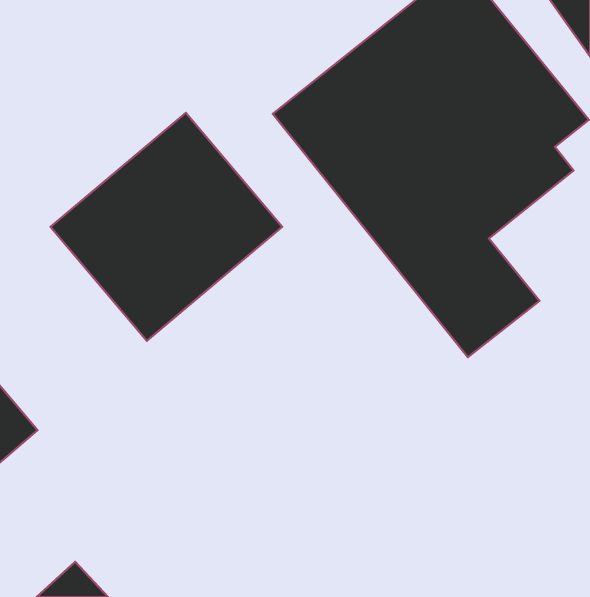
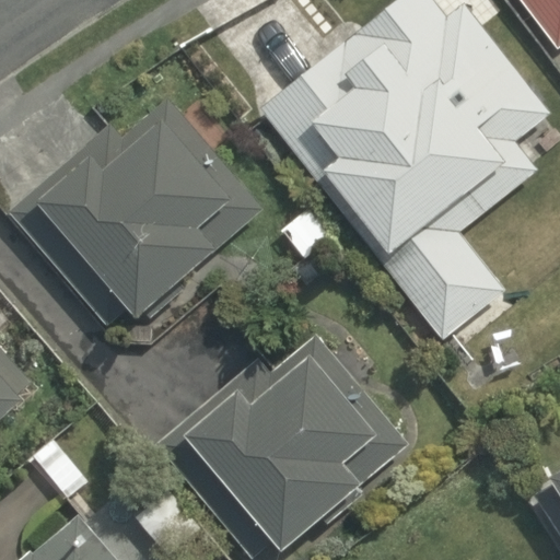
building: none -> [198,352,381,545]

